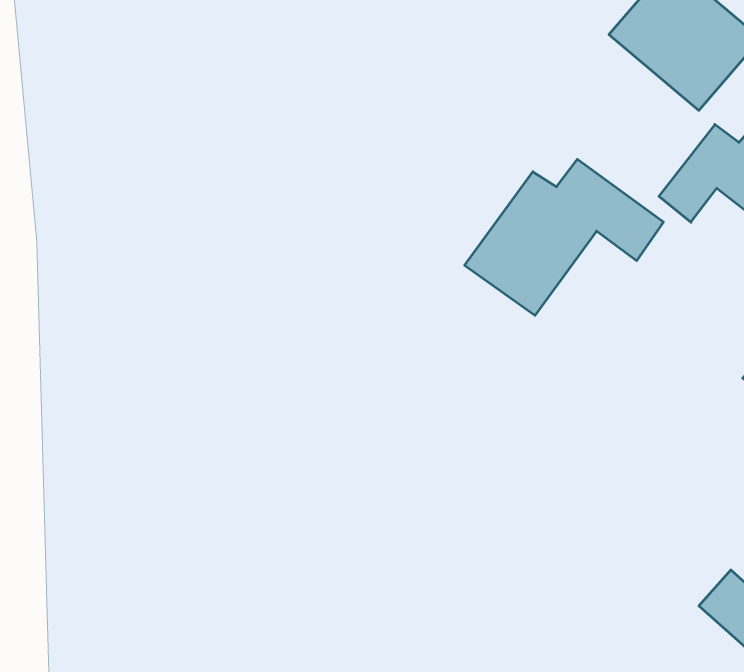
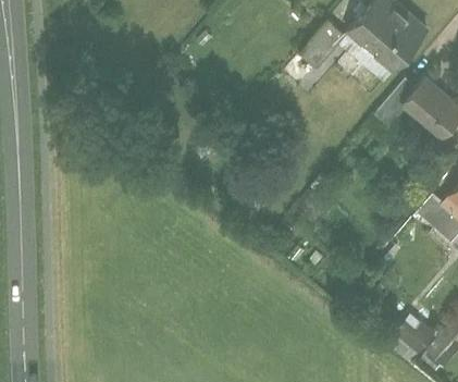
building: none -> [301,20,347,70]
building: [465,159,663,315] -> none

